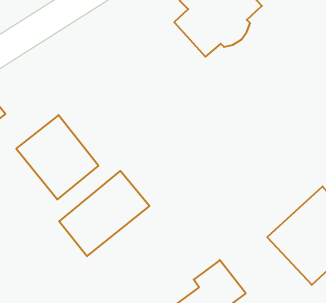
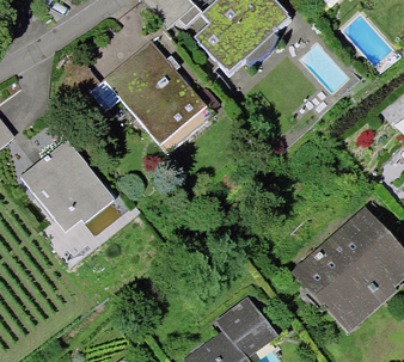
building: none -> [103,41,213,154]
building: [59,171,149,256] -> none

